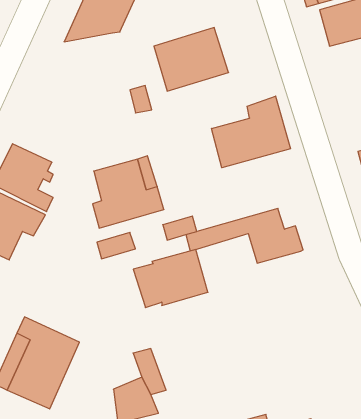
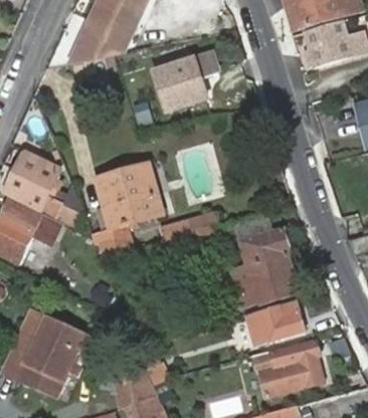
building: [212,96,290,168] -> none
building: [133,250,208,308] -> [230,252,299,305]
building: none -> [247,301,303,344]
building: none -> [261,340,325,397]

